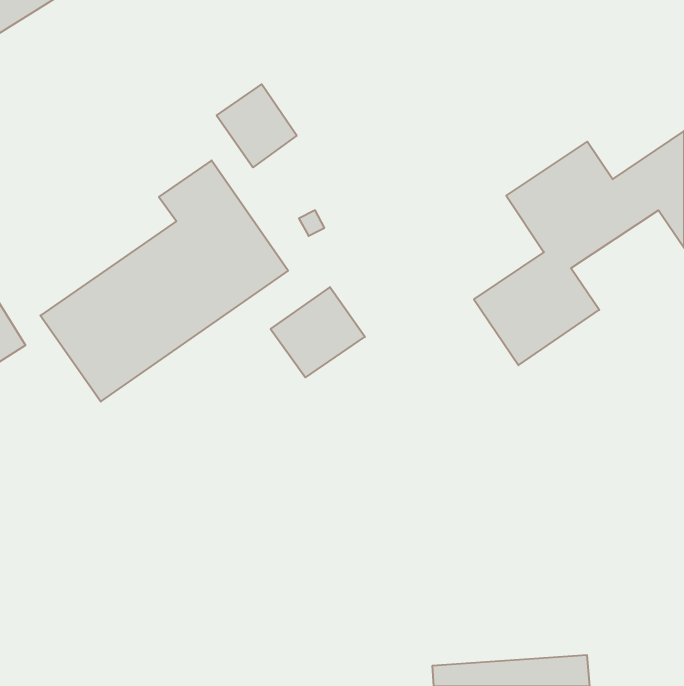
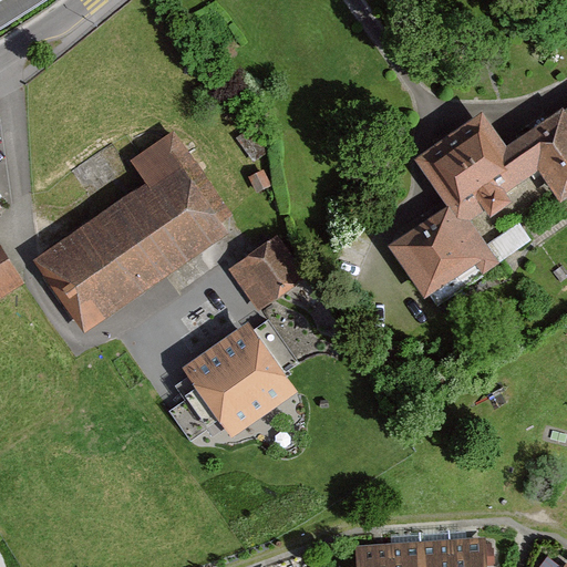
building: [217,84,297,167] -> none
building: none -> [179,321,297,437]

